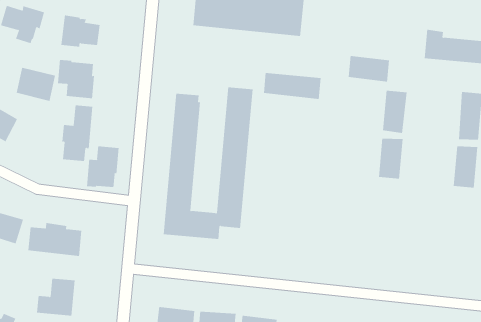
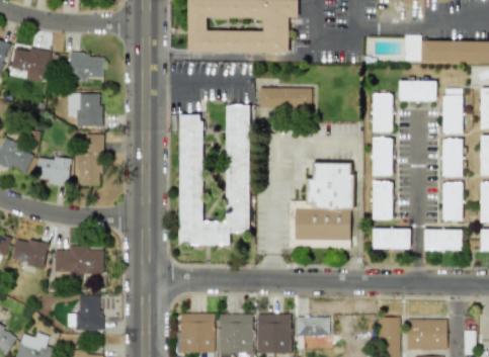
building: [348,56,390,82] -> [399,80,436,101]
building: [16,67,56,101] -> [35,155,71,184]
building: [86,146,119,188] -> none
building: none -> [295,163,352,248]
building: none -> [373,181,393,219]
building: none -> [442,183,463,220]
building: none -> [373,229,411,249]
building: none -> [424,230,462,250]

